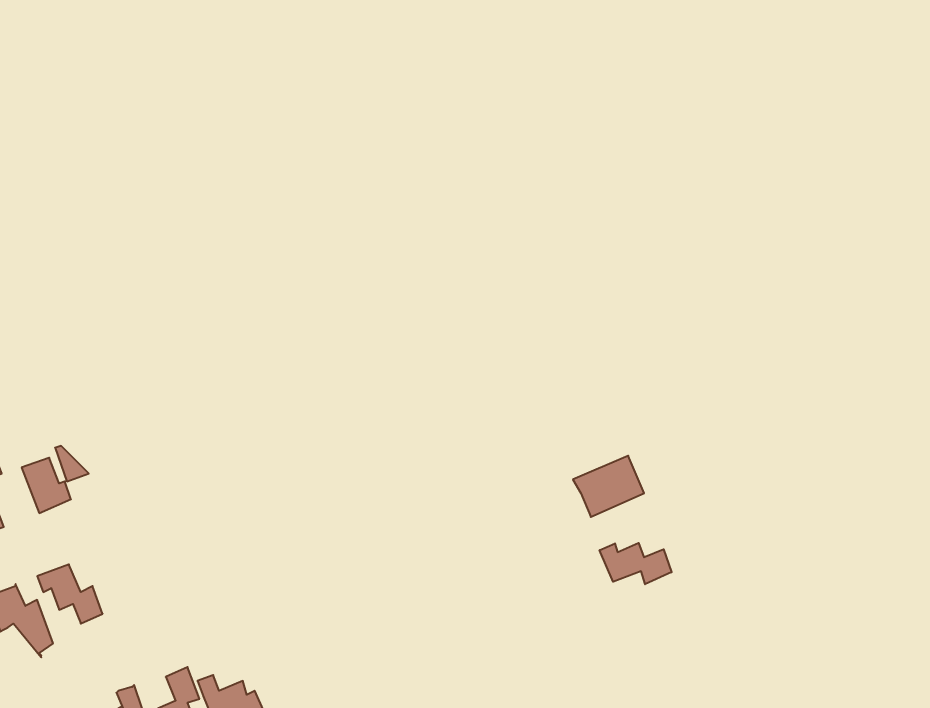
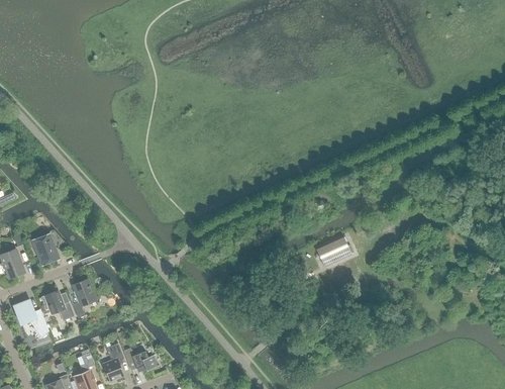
building: none -> [73,279,96,318]
building: [600,543,672,584] -> none

